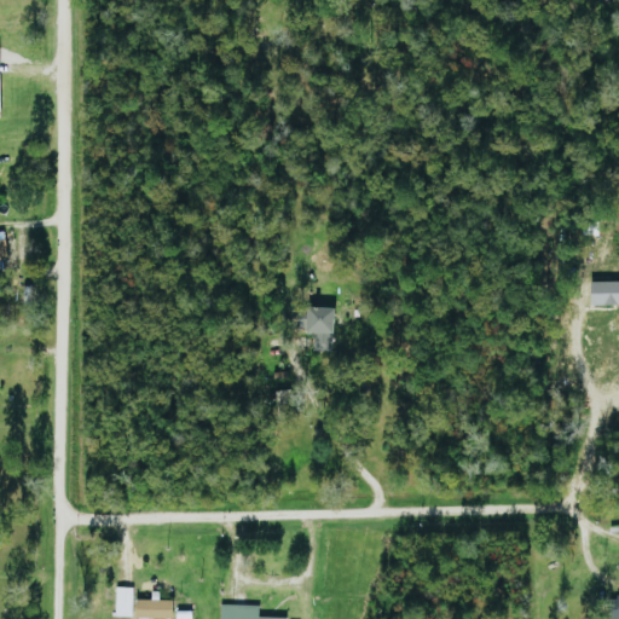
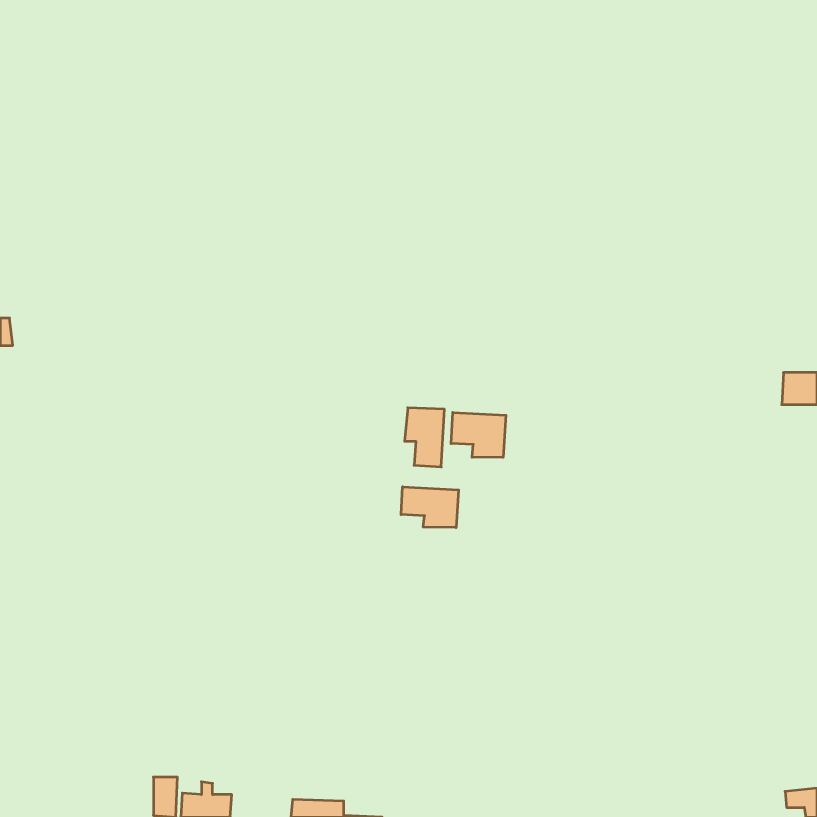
building: none -> [451,412,506,457]
building: none -> [401,487,459,528]

